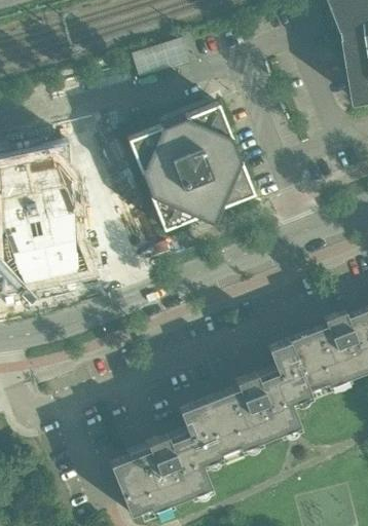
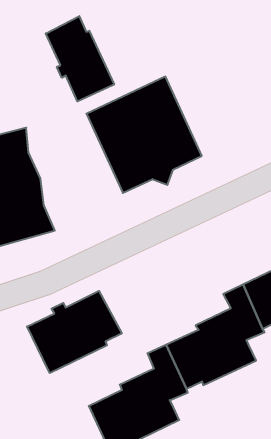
building: none -> [46,16,114,101]
building: none -> [27,291,122,373]

